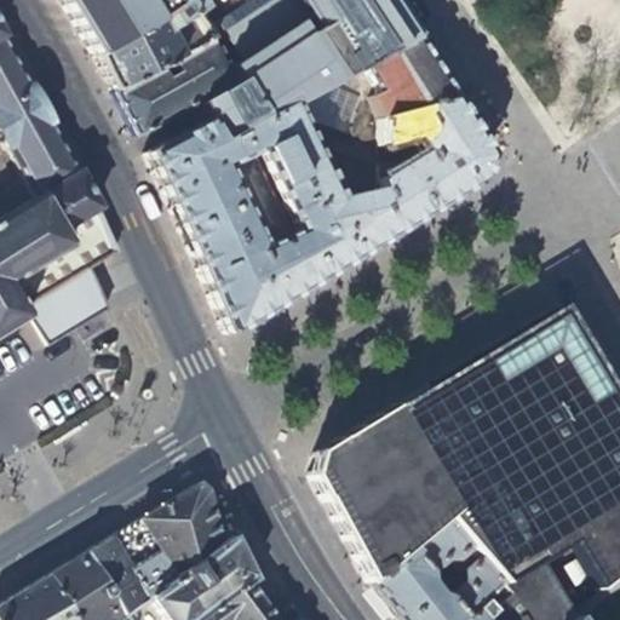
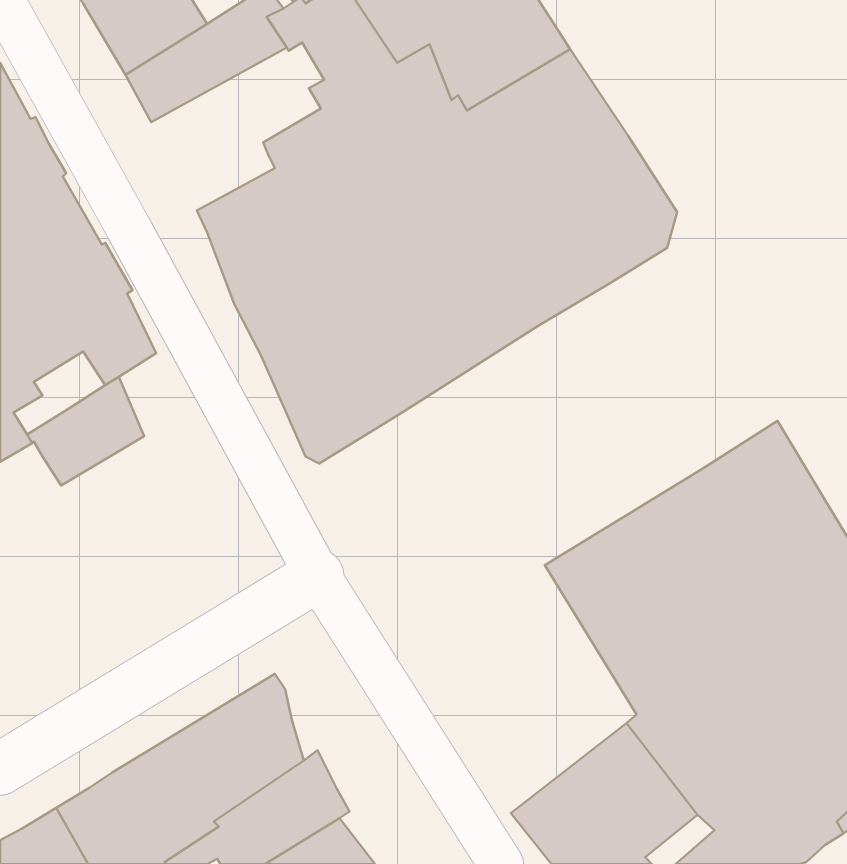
building: [122,34,243,133] -> none
building: [318,403,469,580] -> none

